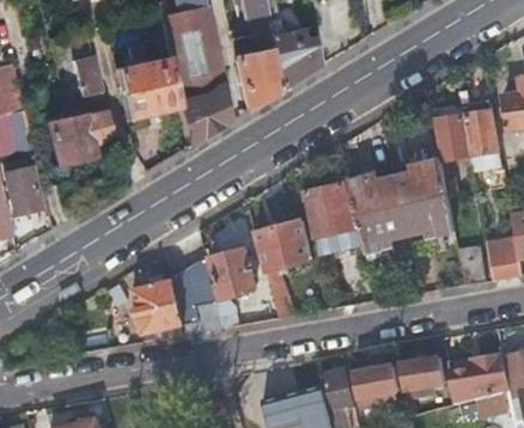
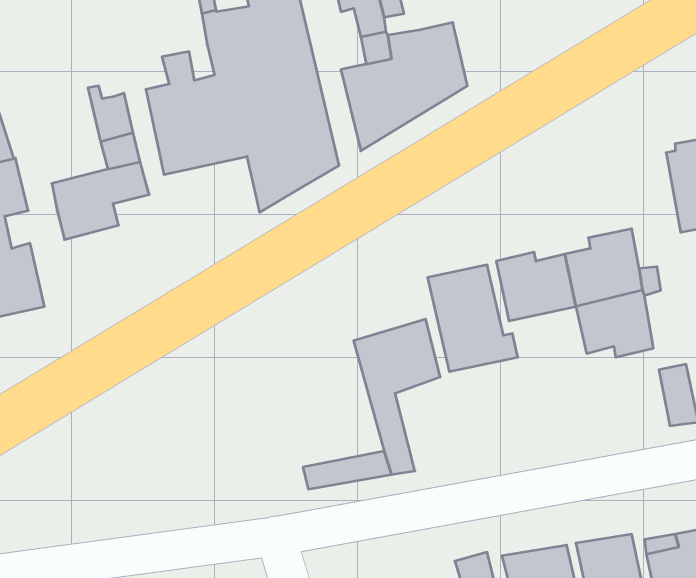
building: [428,103,468,164] -> none
building: [354,208,406,256] -> none
building: [206,247,250,296] -> none
building: [128,259,209,330] -> none

